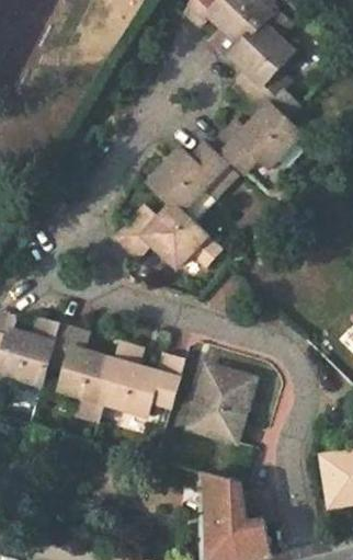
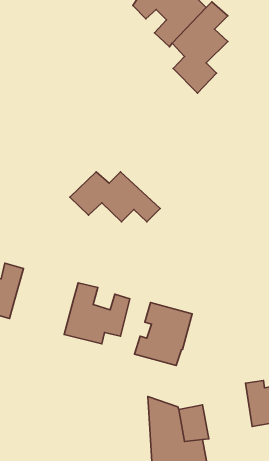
building: [214,94,301,176] -> none
building: [148,149,235,215] -> none
building: [48,322,117,419] -> none

